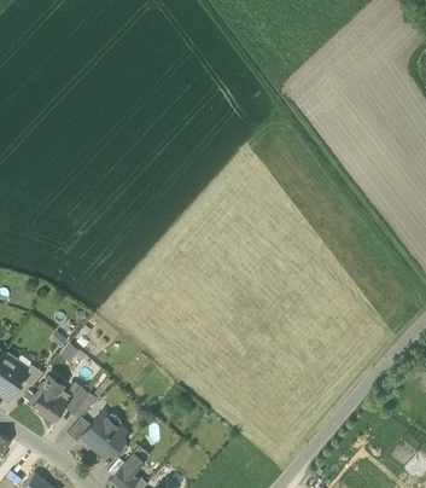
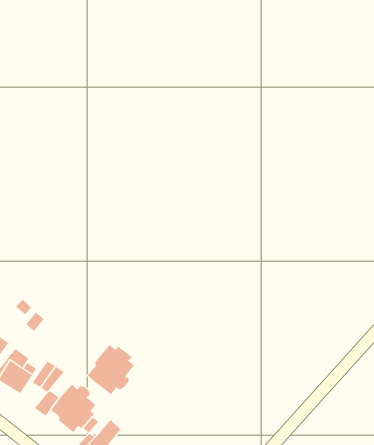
building: none -> [88,344,135,395]

